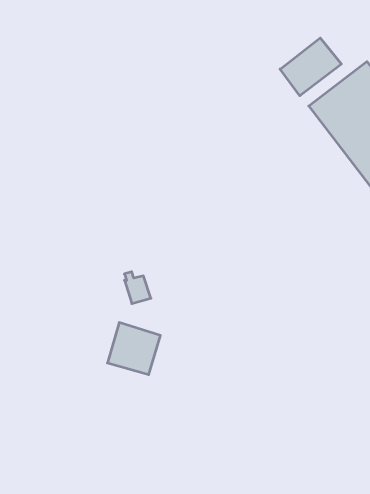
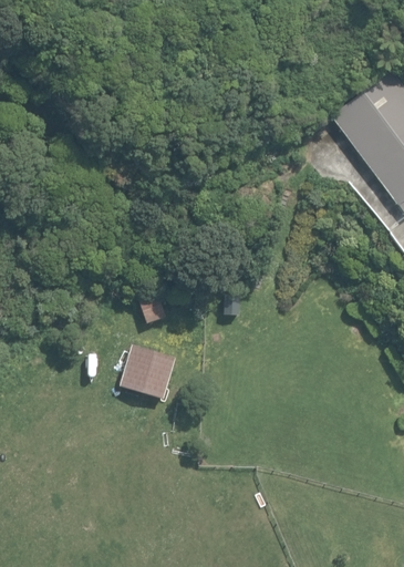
building: [280,38,341,96] -> none

